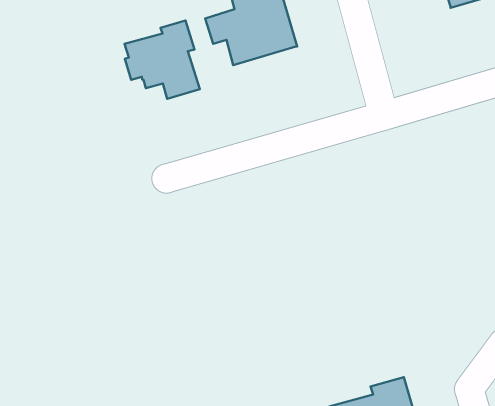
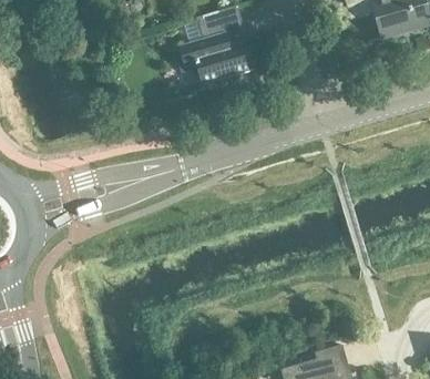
building: [124,20,200,99] -> none

